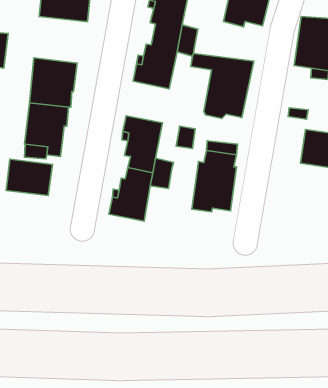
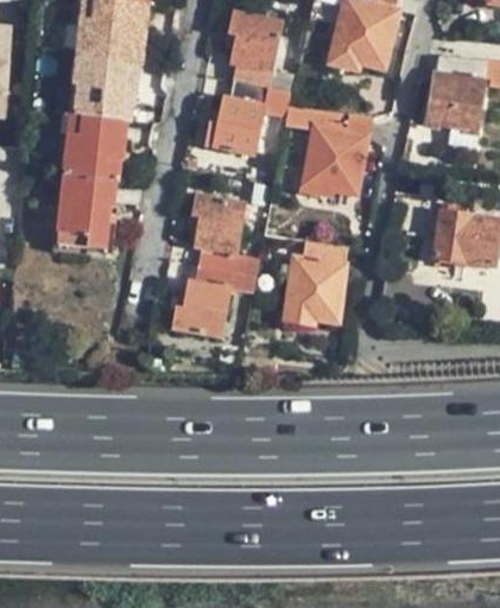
building: none -> [68,56,139,120]
building: [6,159,52,196] -> none

